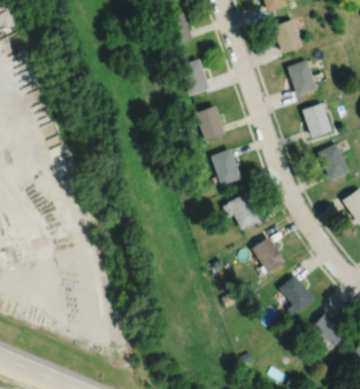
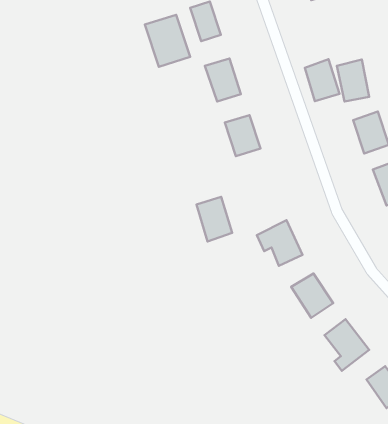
building: [273,18,302,53] -> [305,59,340,101]
building: none -> [145,15,190,67]
building: [211,149,241,185] -> [196,197,232,241]

